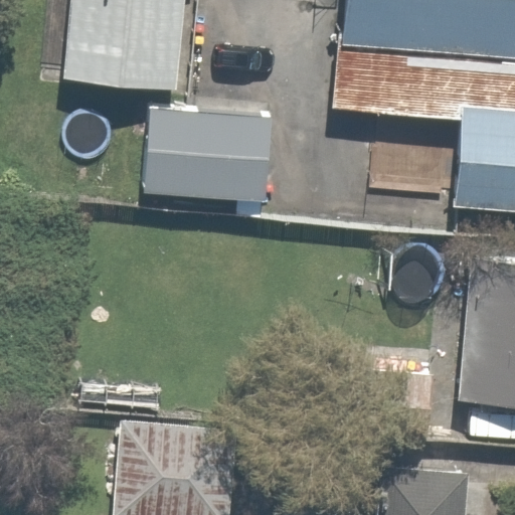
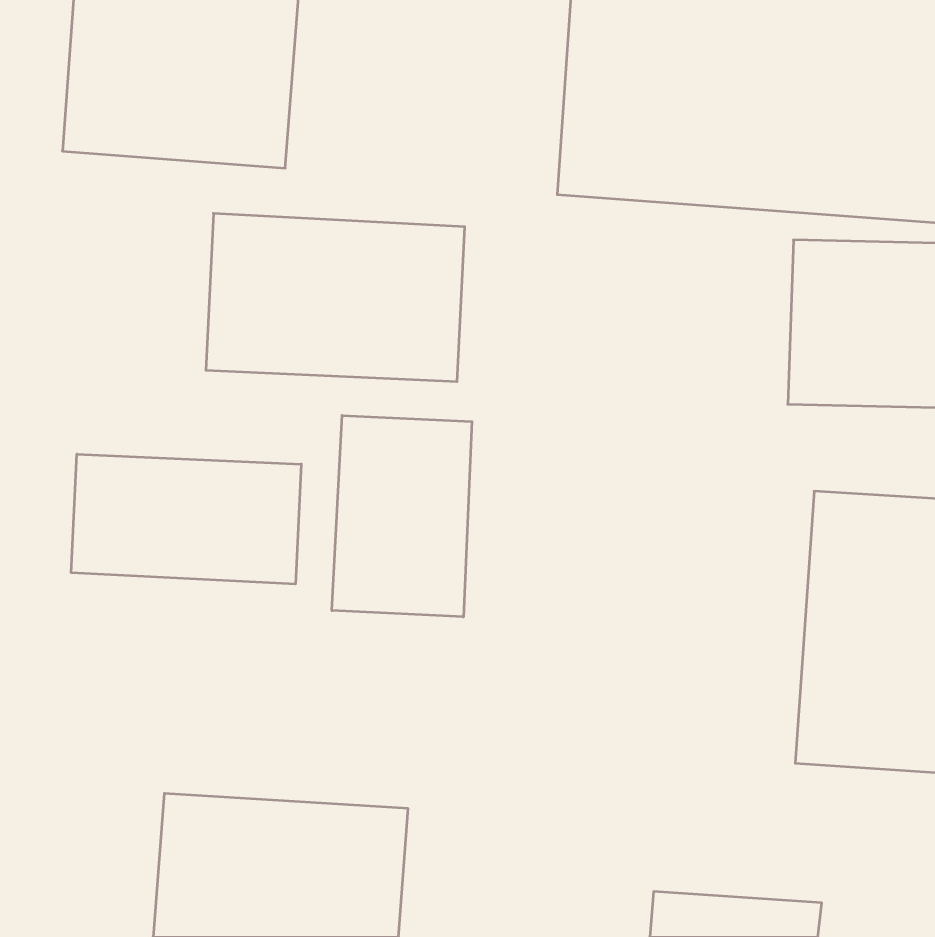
building: none -> [332,415,472,617]
building: none -> [71,454,301,584]

